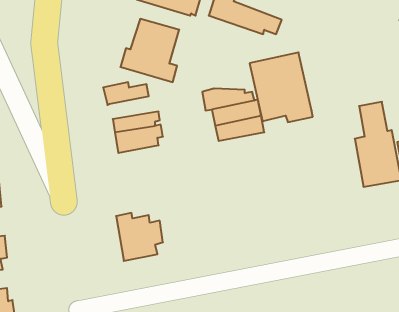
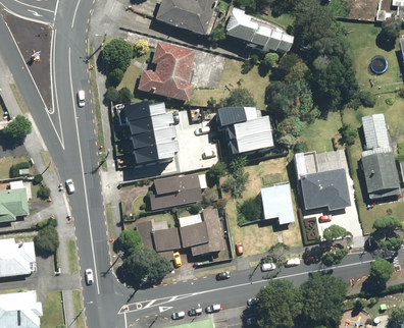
building: [250,52,313,122] -> [292,146,351,211]
building: none -> [130,110,175,132]
building: none -> [149,173,205,209]
building: none -> [257,185,294,225]
building: none -> [176,210,223,256]

